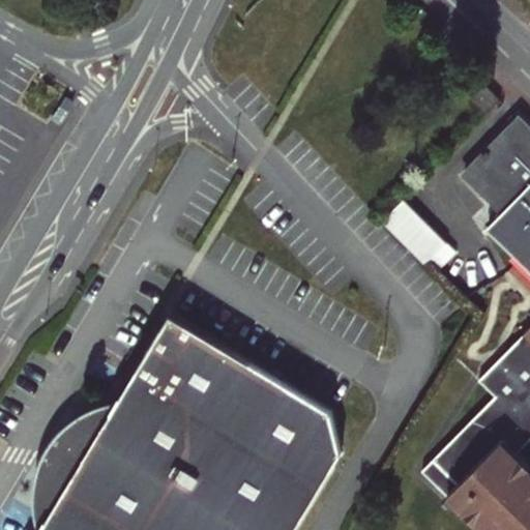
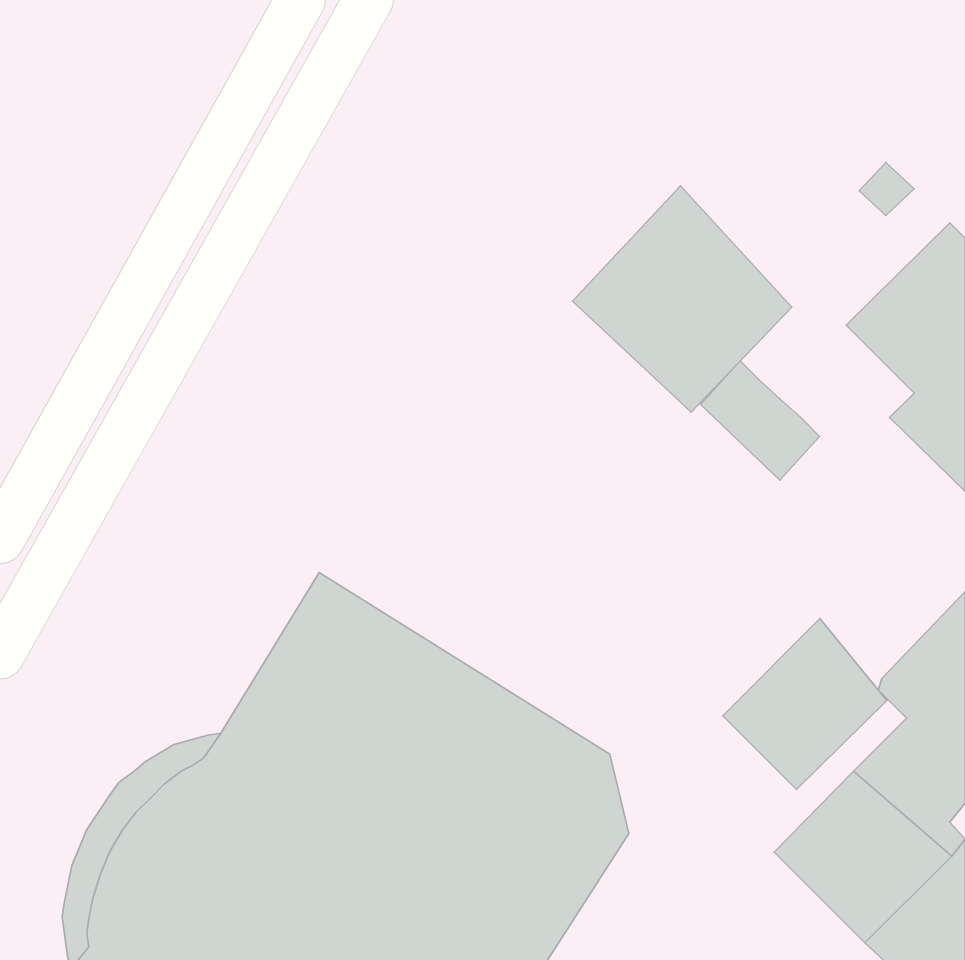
building: none -> [573,186,792,412]
building: none -> [723,619,887,789]

